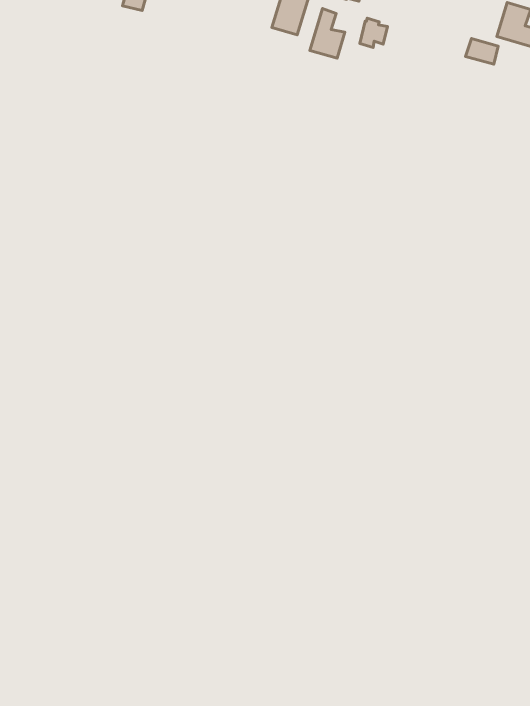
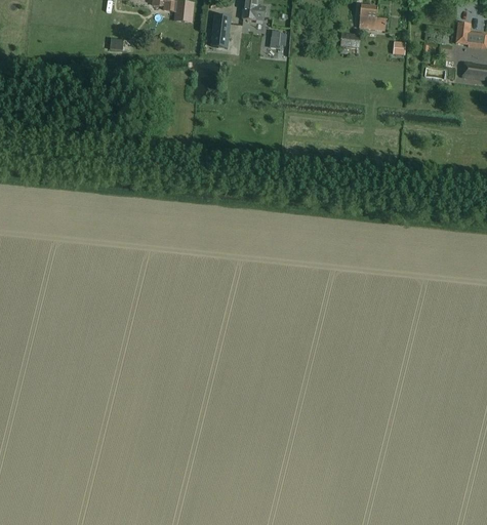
building: [310,9,345,58] -> none

